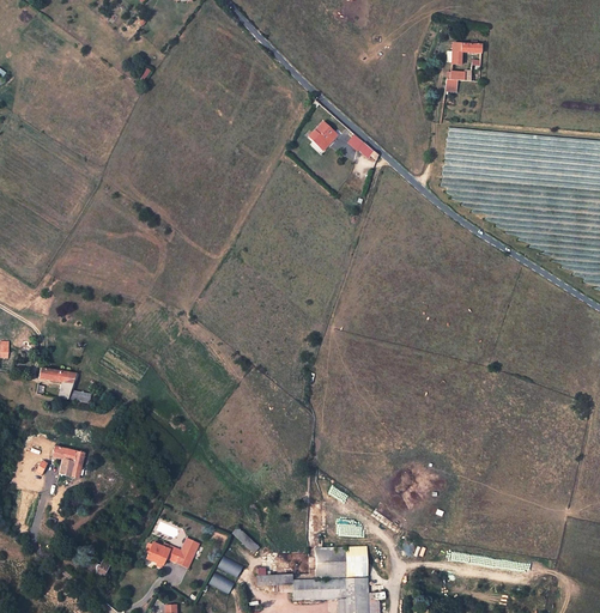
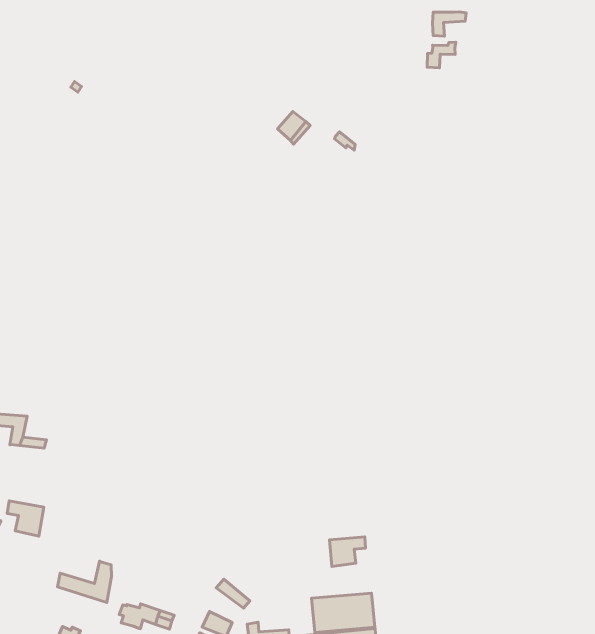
building: none -> [330,537,366,566]
building: none -> [58,561,112,603]

